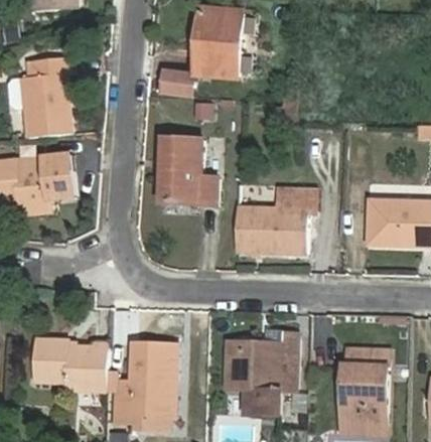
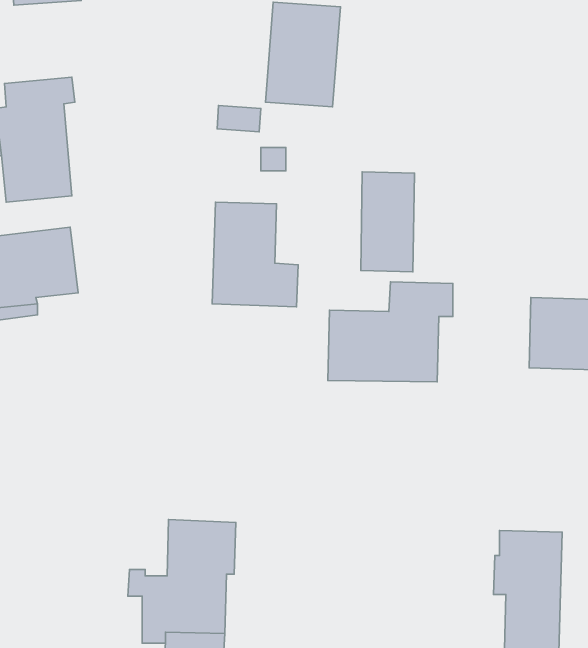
building: none -> [361,172,414,272]
building: [226,331,295,415] -> none
building: [32,338,108,391] -> none

